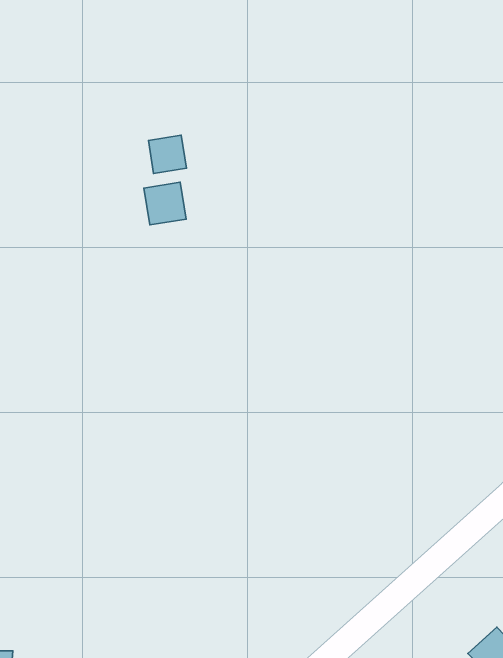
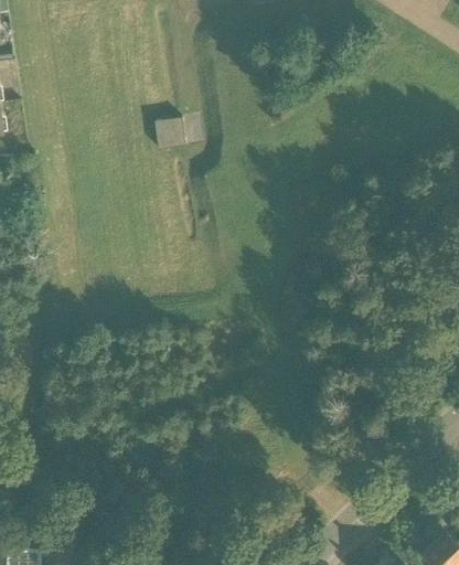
building: [144,182,186,225] -> none

